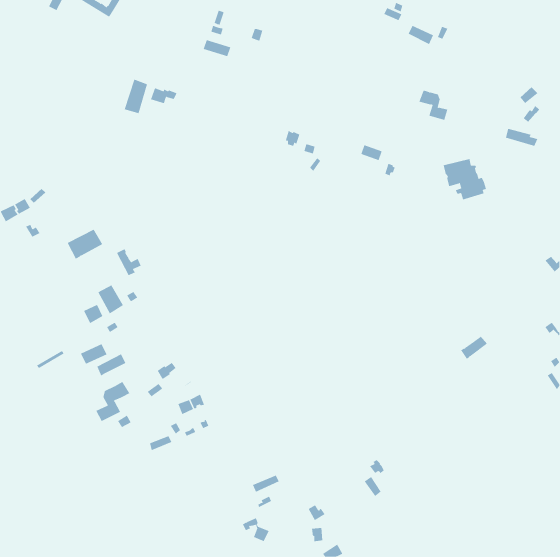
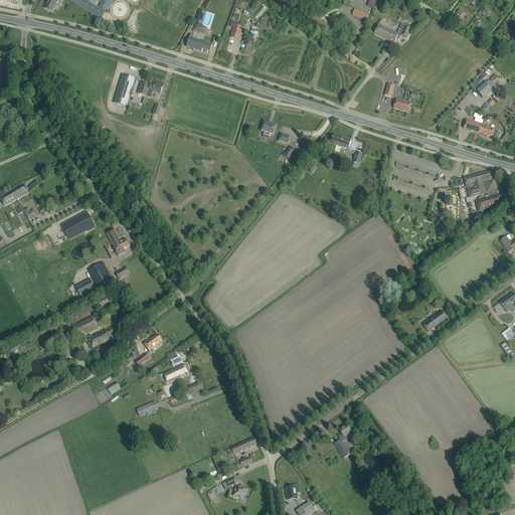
building: [443,159,487,200] -> [465,170,505,208]
building: [95,381,130,422] -> none

